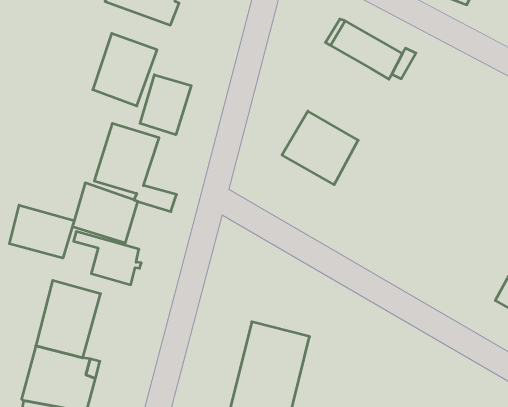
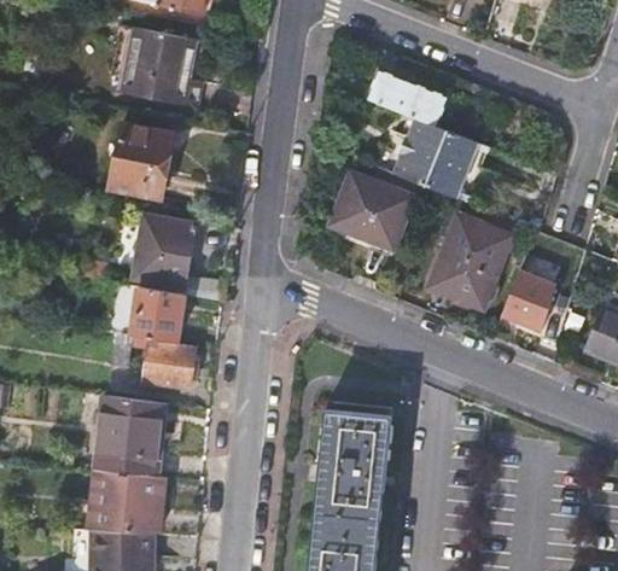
building: none -> [395,118,490,204]
building: [140,75,191,135] -> none
building: none -> [432,215,513,308]
building: [9,205,74,258] -> none
building: none -> [503,264,565,331]

